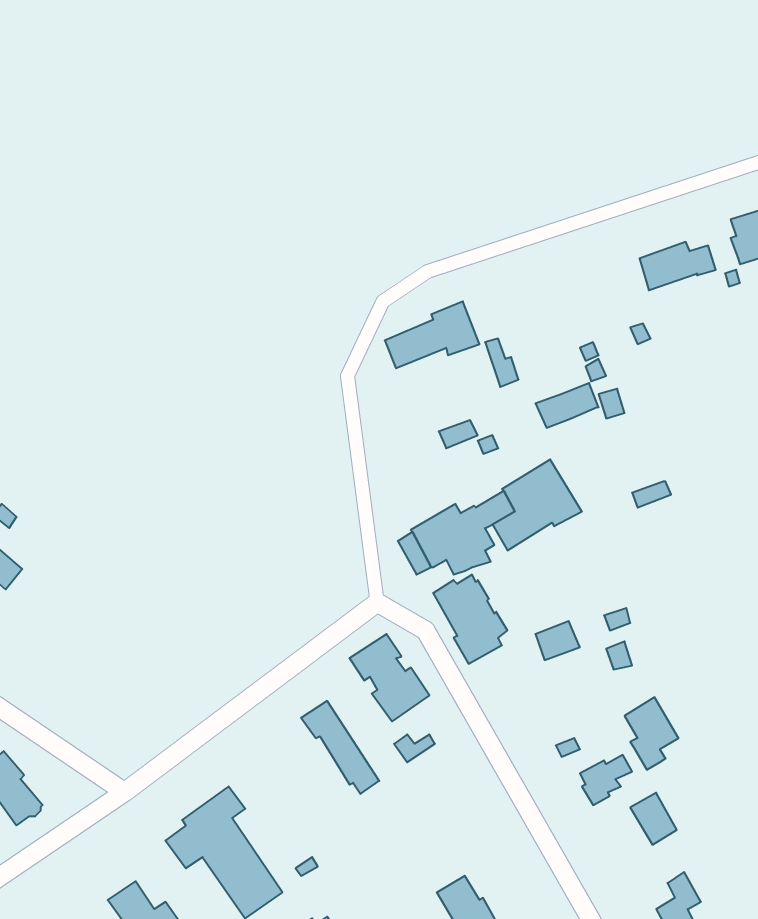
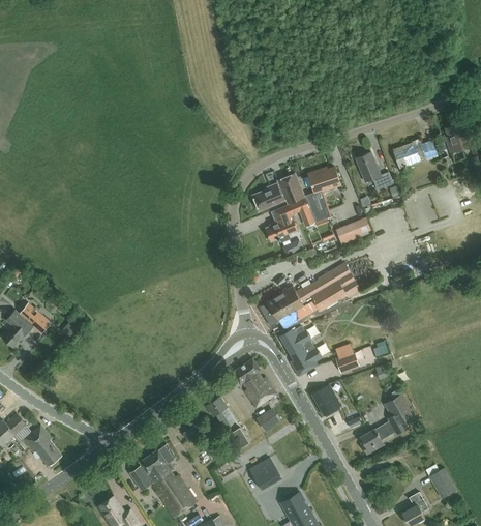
building: none -> [355,151,392,188]
building: none -> [307,168,340,192]
building: none -> [266,198,313,241]
building: none -> [310,384,339,415]
building: [630,793,677,845] -> [428,468,454,497]
building: none -> [249,458,279,488]

